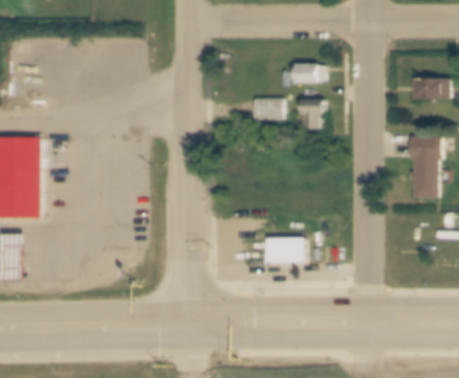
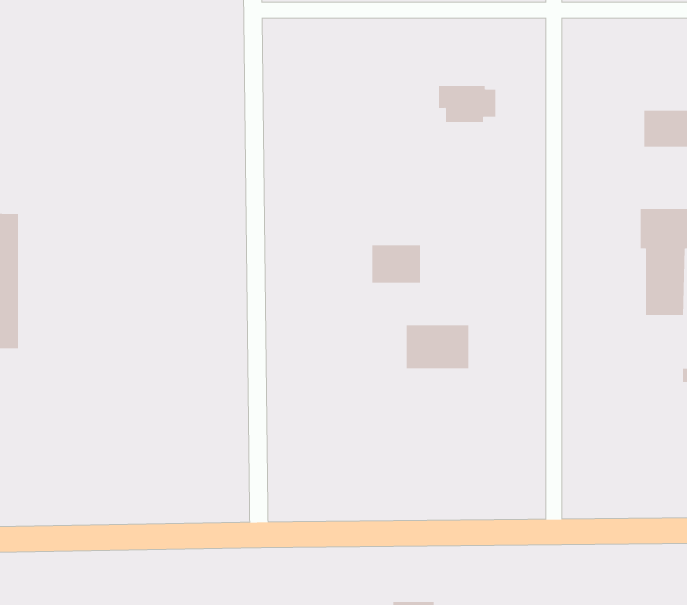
building: [253,98,282,120] -> [372,245,421,283]
building: [302,98,323,129] -> none
building: [267,240,304,266] -> [406,325,469,369]

